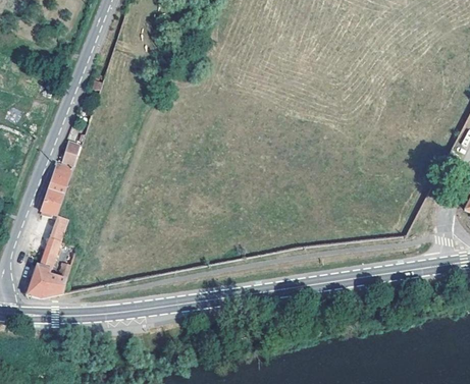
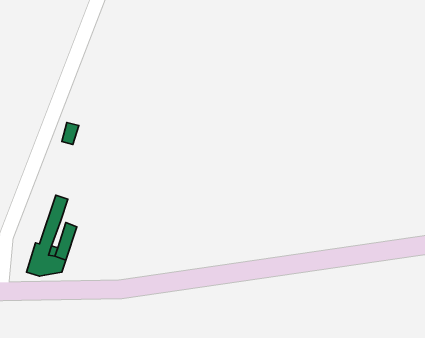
building: [42,164,73,217] -> none

